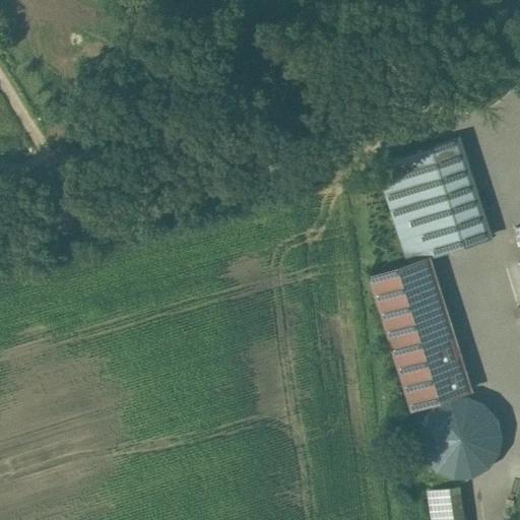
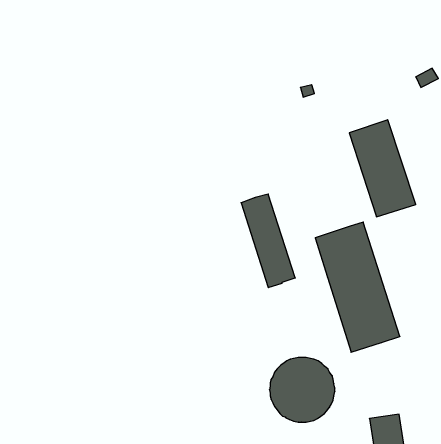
building: [381,157,444,266] -> [241,194,295,288]
building: [426,402,502,477] -> [269,357,335,422]

